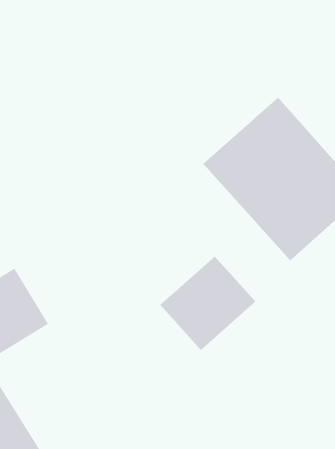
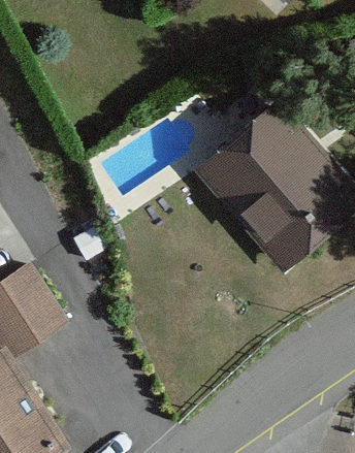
building: [160,256,256,351] -> none

